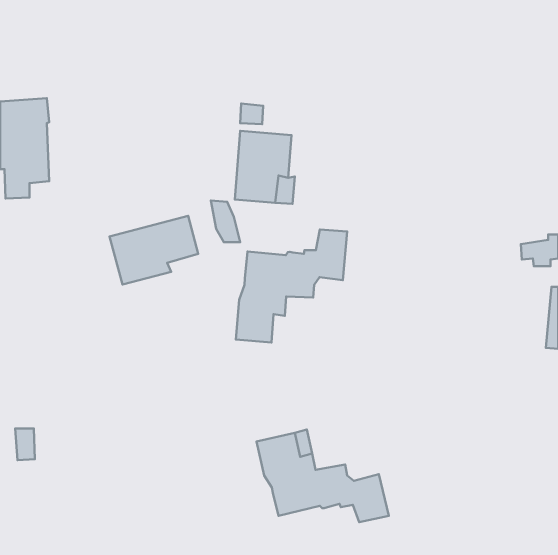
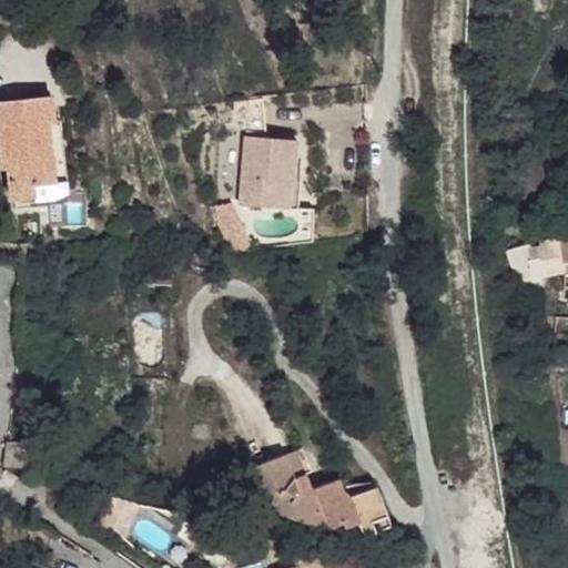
building: [110,216,198,284] -> none
building: [236,229,347,342] -> none

